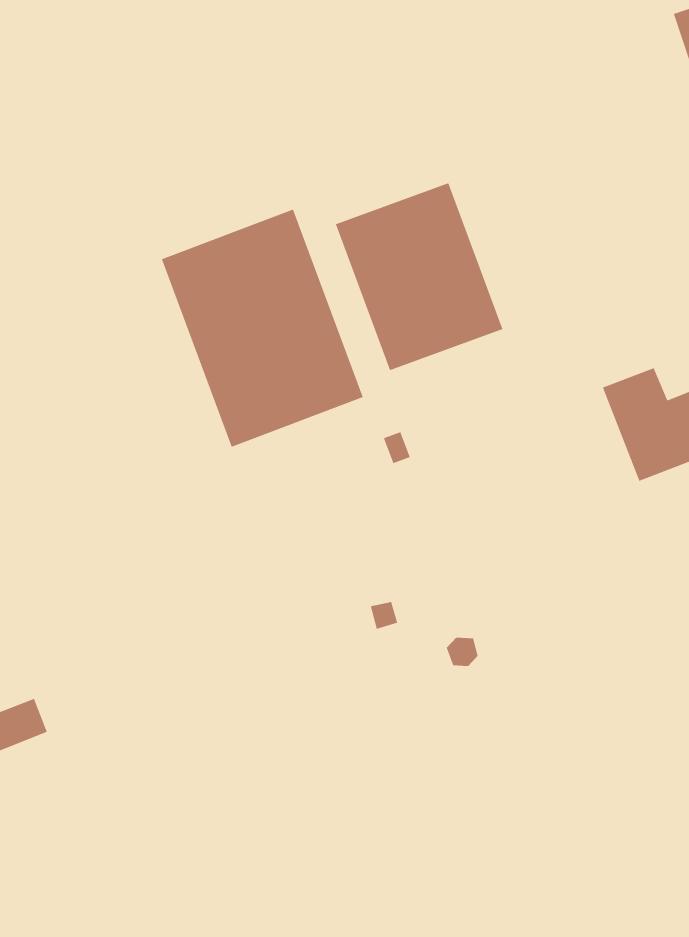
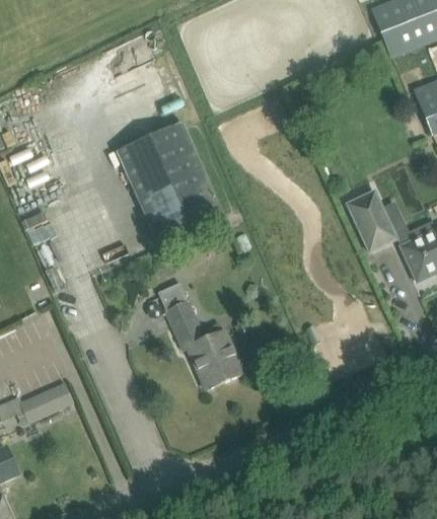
building: [335,182,504,371] -> none
building: none -> [158,282,243,389]

